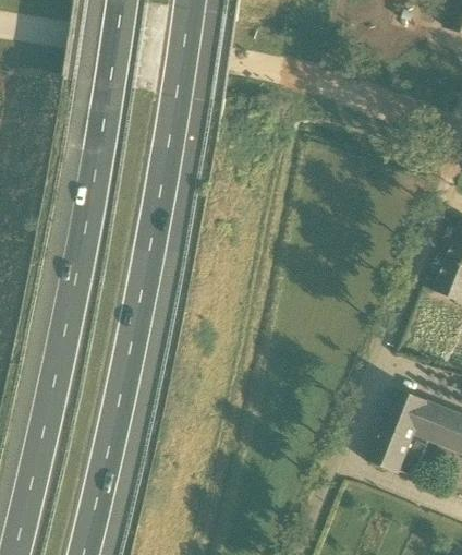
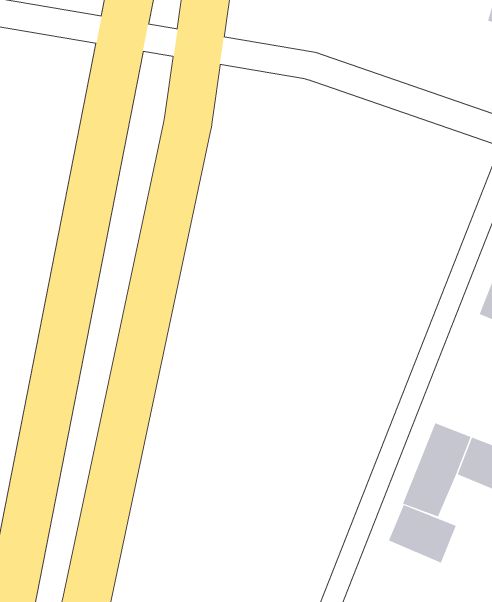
building: none -> [388,504,456,563]

